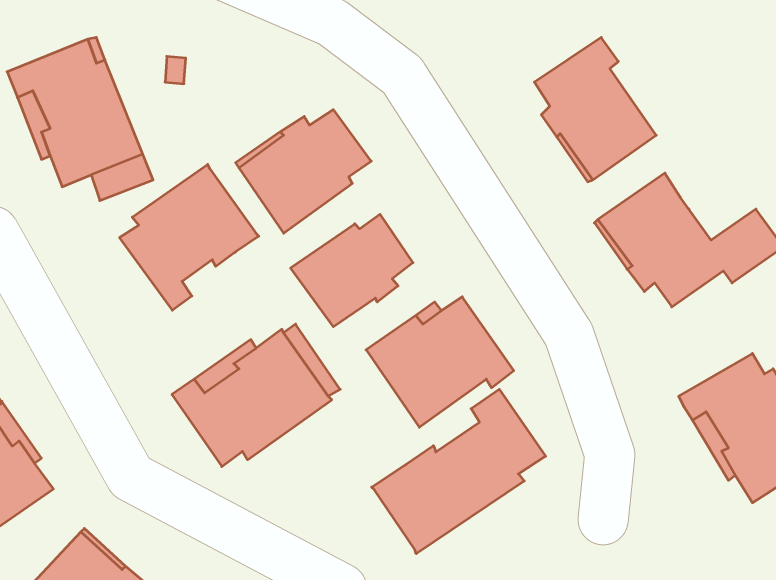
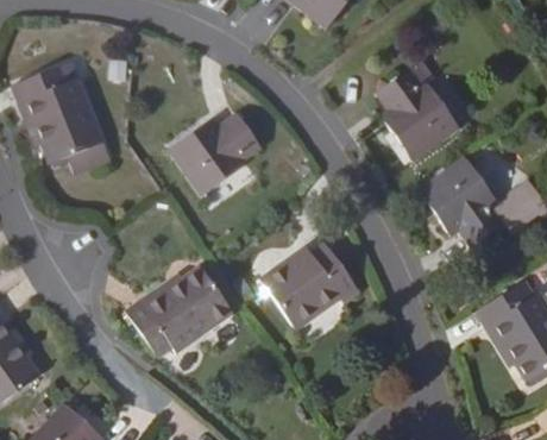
building: [120,164,259,310] -> none
building: [291,214,413,327] -> none
building: [372,389,546,554] -> none

